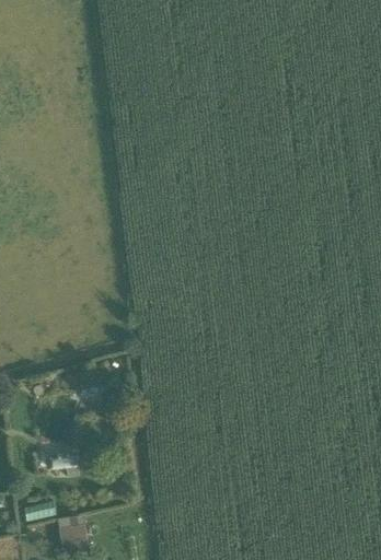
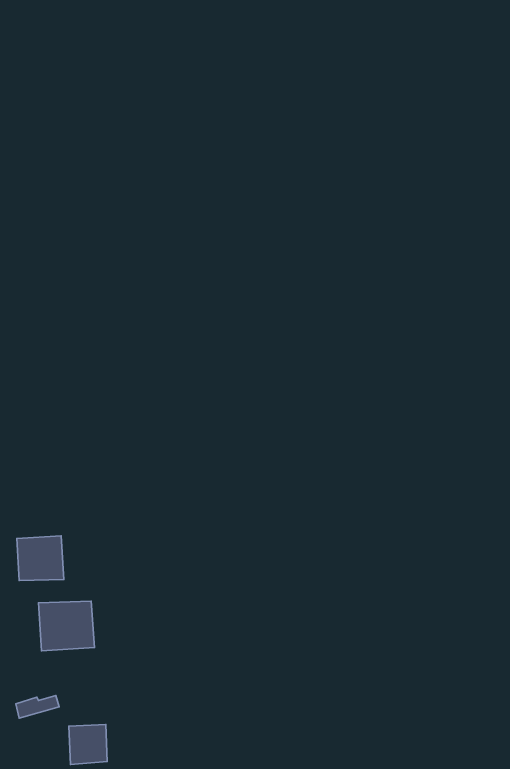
building: none -> [17,536,64,581]

